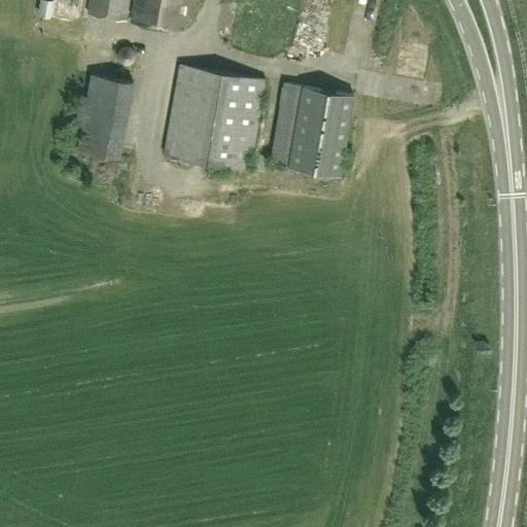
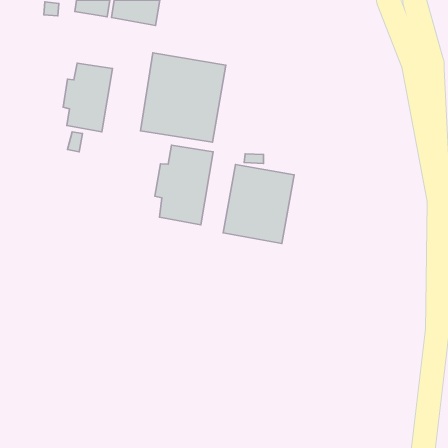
building: [270,82,353,175] -> [223,164,294,243]
building: none -> [155,145,213,225]

